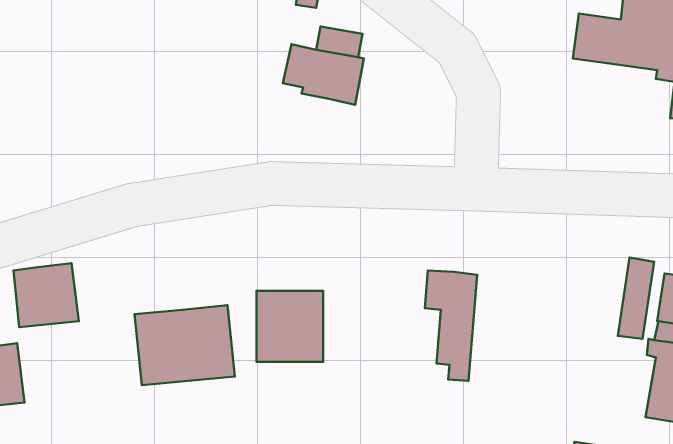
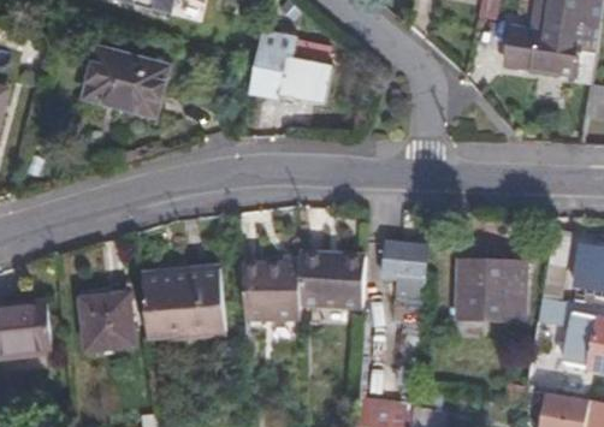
building: none -> [83,48,162,113]
building: [13,263,79,327] -> [77,297,131,350]
building: none -> [296,255,361,307]
building: none -> [461,262,523,321]

